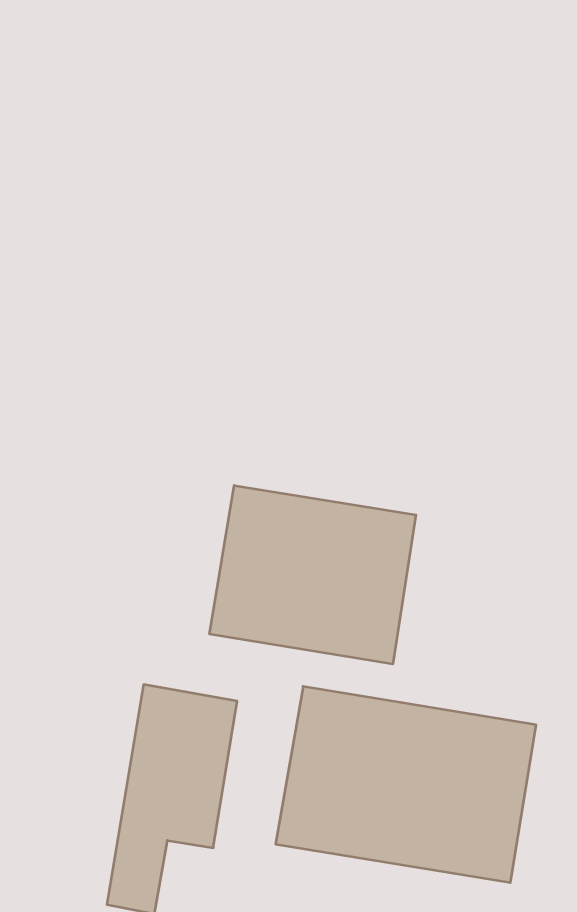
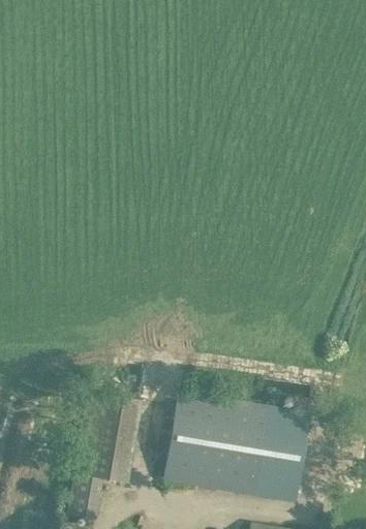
building: [210,485,416,664] -> none

